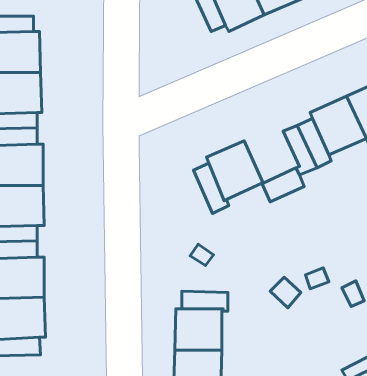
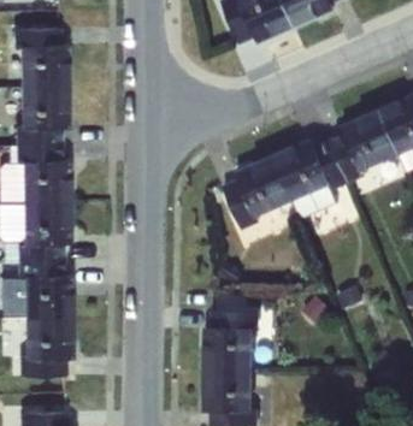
building: none -> [276,138,332,199]

